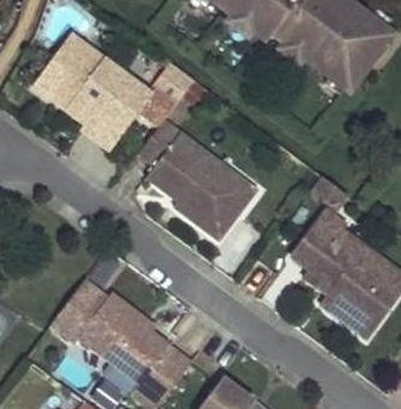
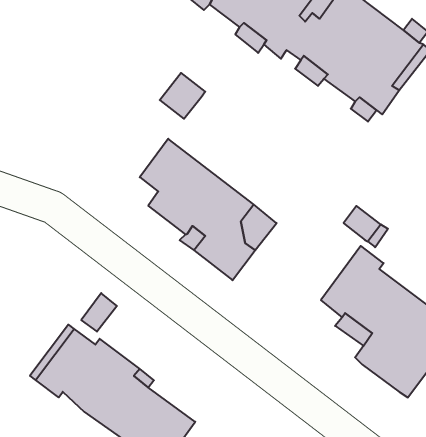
building: [36,30,157,148] -> none

